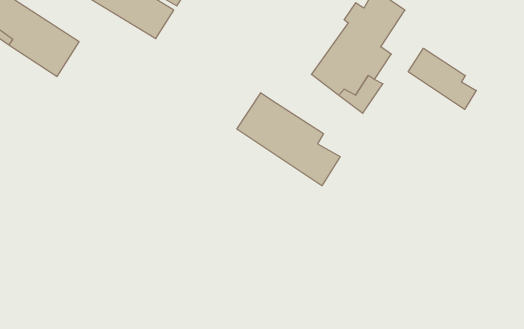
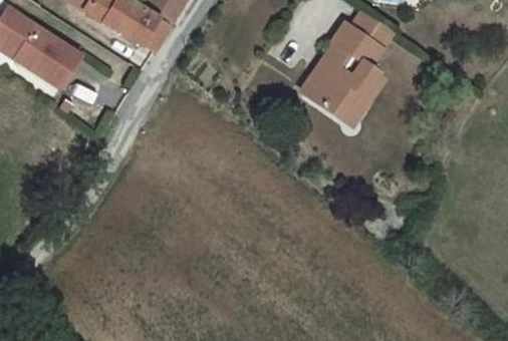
building: [408,48,476,109] -> none
building: [237,93,340,186] -> none

